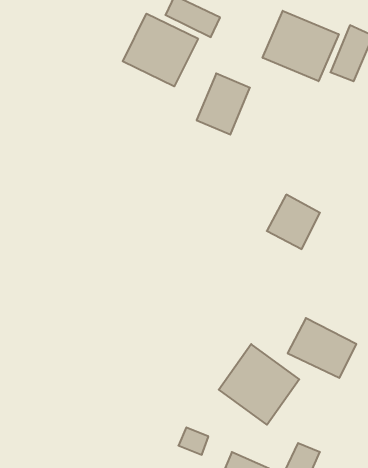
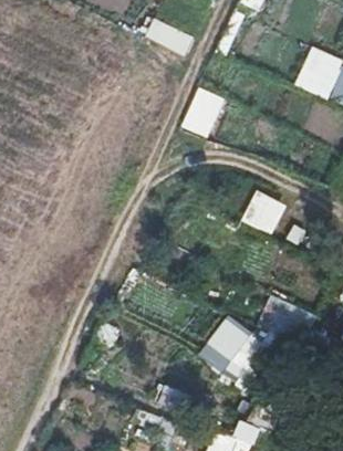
building: [263,11,339,81] -> none
building: [123,14,198,86] -> none

